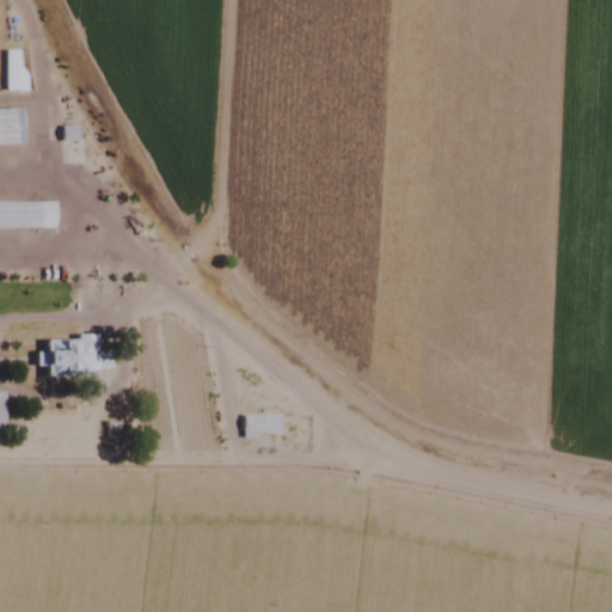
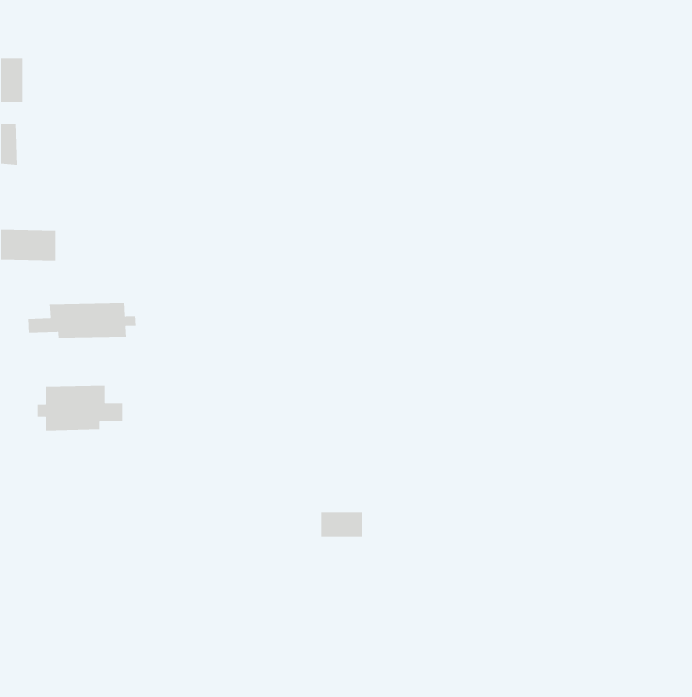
building: none -> [27,302,137,339]
building: [245,414,282,436] -> [320,512,363,538]

